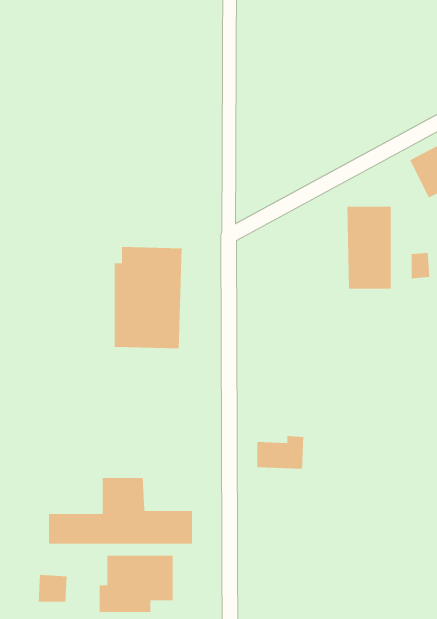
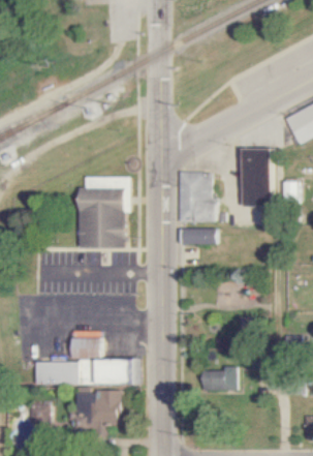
building: none -> [178,173,218,222]
building: none -> [181,230,215,245]
building: [257,435,304,469] -> [202,366,236,390]

